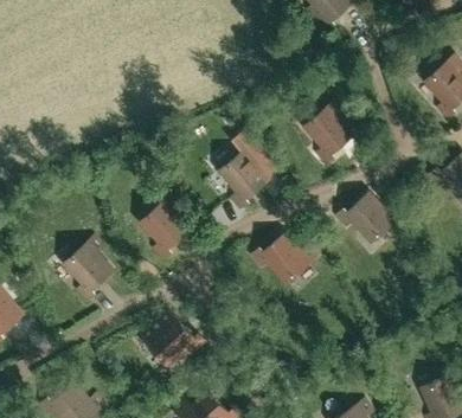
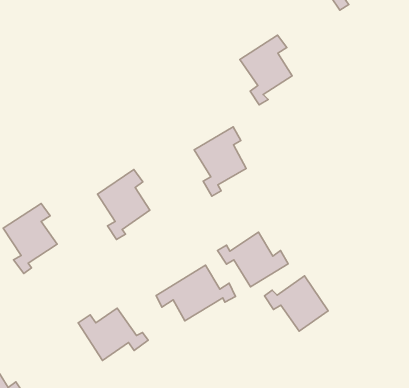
building: [303,101,351,163] -> [240,35,292,105]
building: [335,193,392,242] -> [265,276,328,331]
building: none -> [156,265,236,321]

